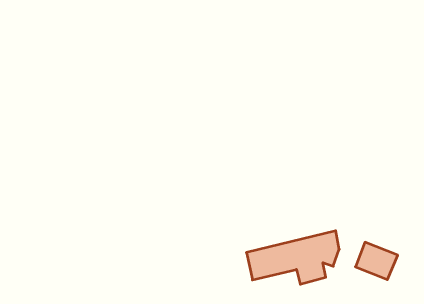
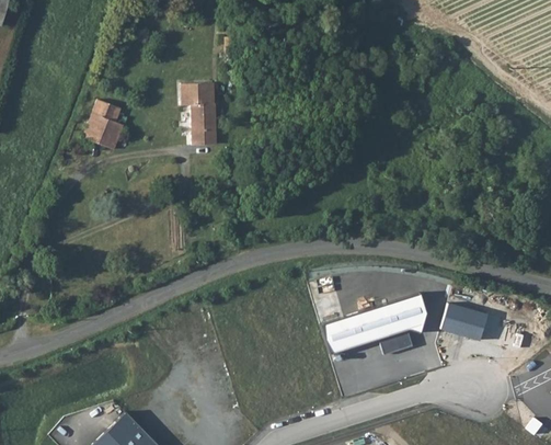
building: none -> [181,83,217,146]
building: none -> [82,101,123,150]

